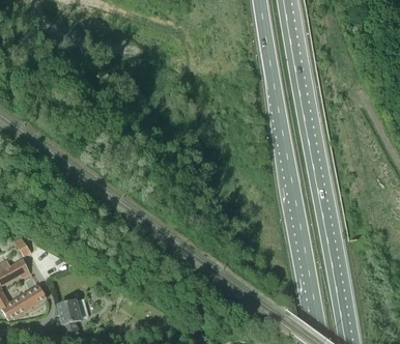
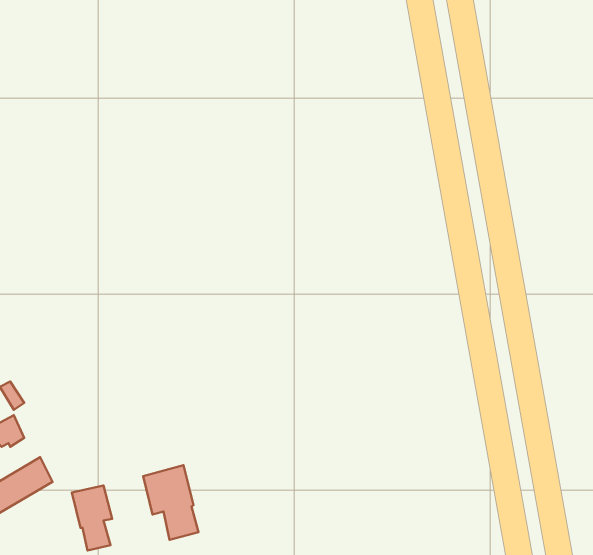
building: none -> [143,465,199,540]

